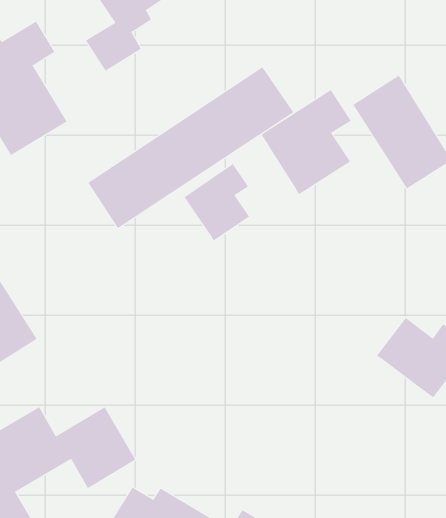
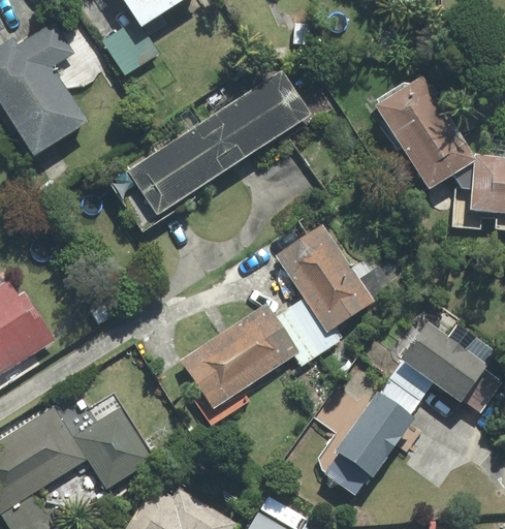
building: [261,89,351,195] -> none
building: [184,163,250,241] -> none
building: none -> [177,224,375,412]
building: none -> [318,361,433,497]

